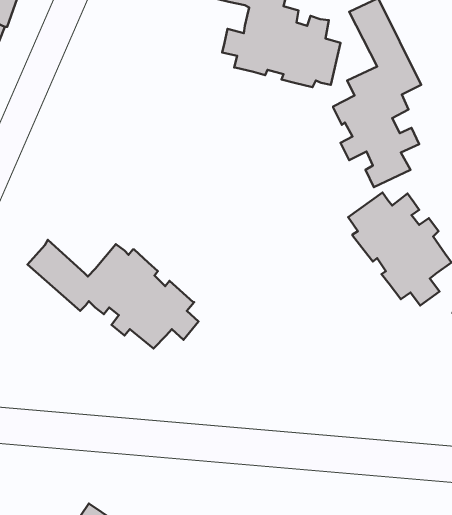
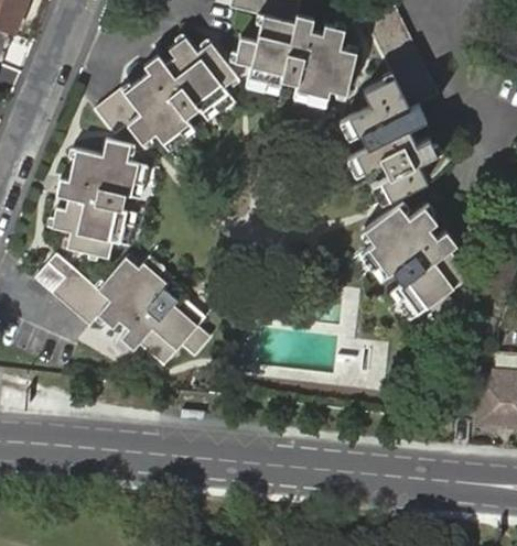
building: none -> [95,37,237,144]
building: none -> [52,139,139,259]

